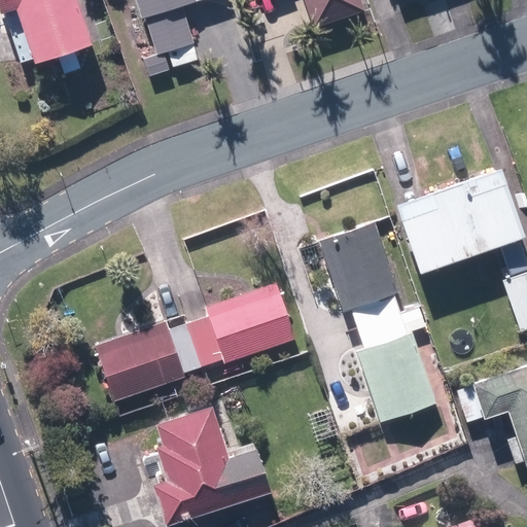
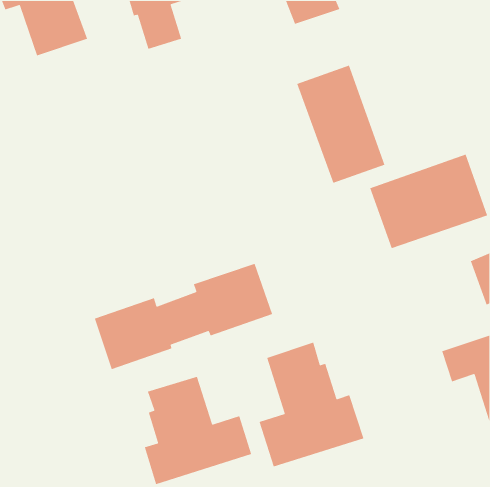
building: none -> [296,64,386,184]
building: [320,223,435,421] -> none
building: none -> [259,341,364,468]

